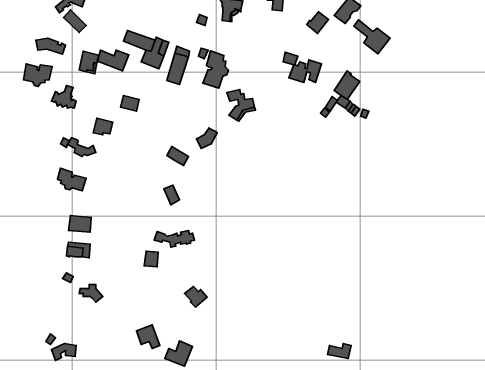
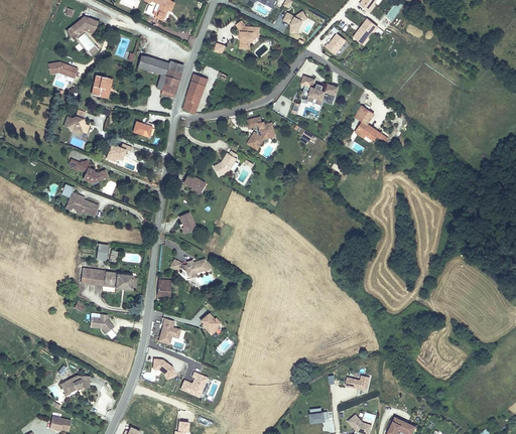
building: [354,20,390,54] -> none
building: [97,50,129,71] -> none
building: [203,51,229,88] -> none
building: [23,64,52,87] -> none
building: none -> [102,273,131,290]
building: none -> [157,318,180,345]

